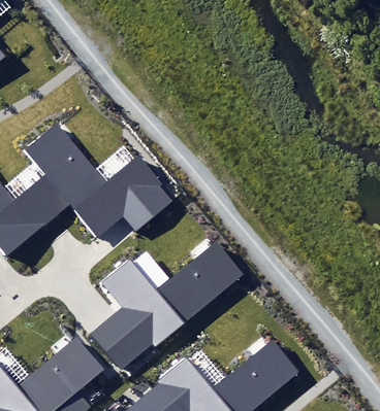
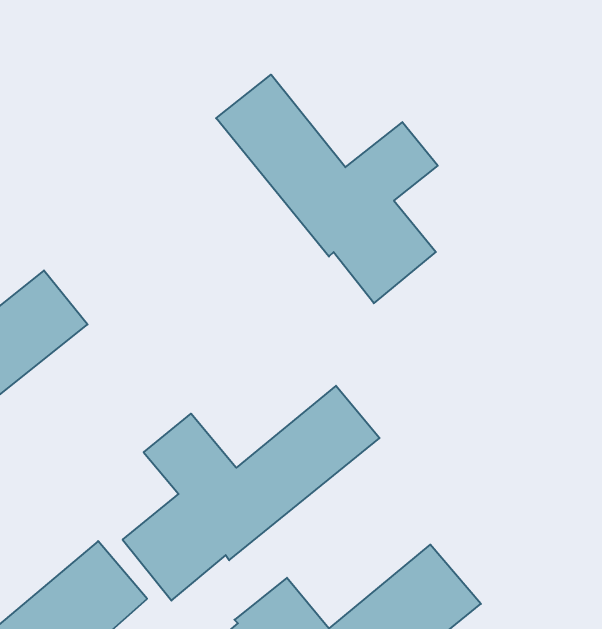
building: none -> [216,75,438,303]
building: [24,124,172,239] -> none

